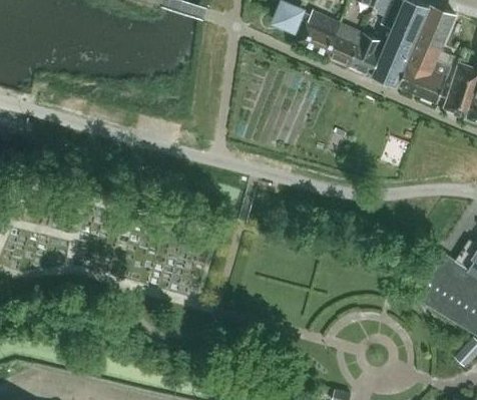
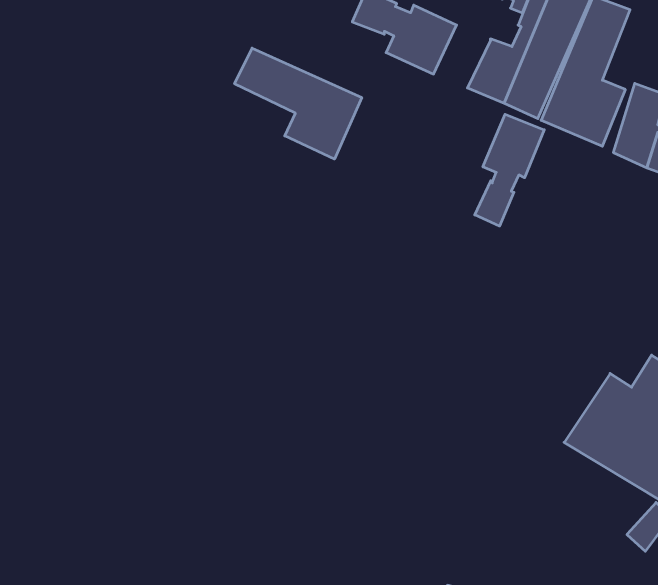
building: [329,27,366,68] -> none
building: none -> [235,48,362,159]
building: none -> [475,114,544,226]

